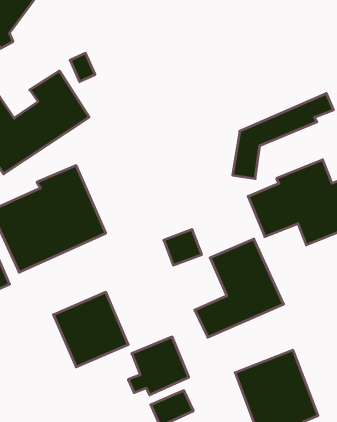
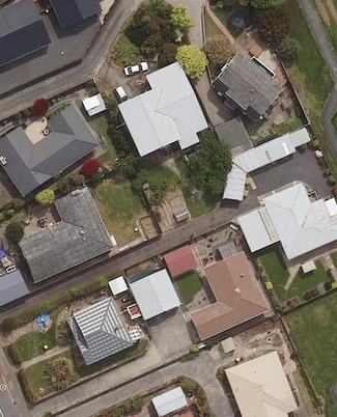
building: none -> [216,52,283,115]
building: none -> [117,61,207,158]
building: [128,337,189,395] -> [127,268,179,318]

